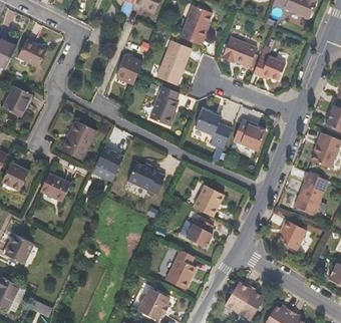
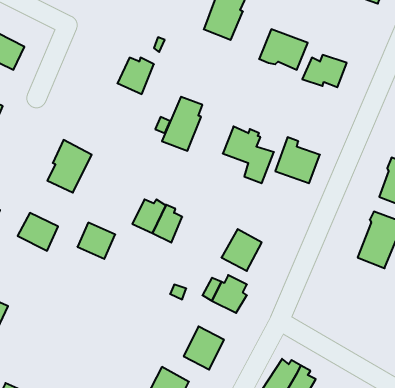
building: [155,40,192,84] -> none
building: [95,146,123,174] -> [77,223,115,259]
building: [277,220,305,252] -> none

